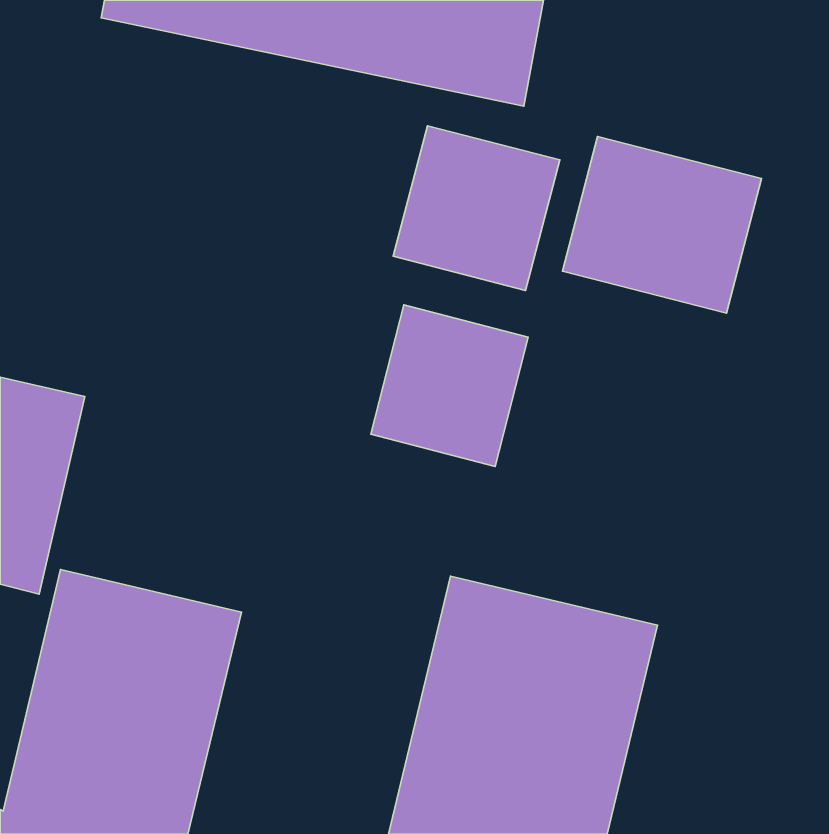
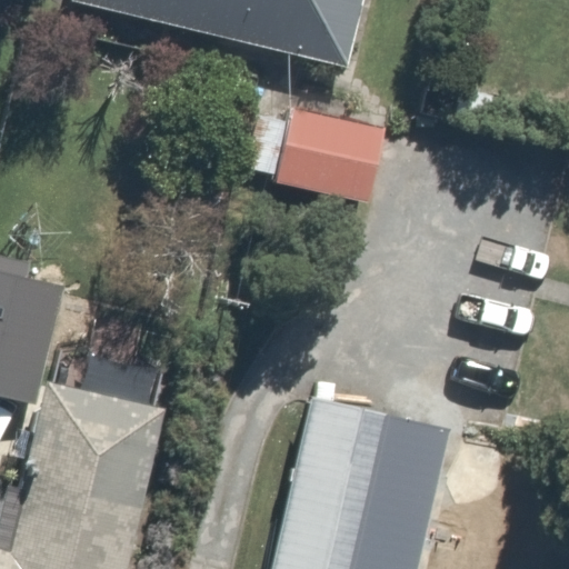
building: [562,136,761,313] -> none
building: [371,305,528,466] -> none

